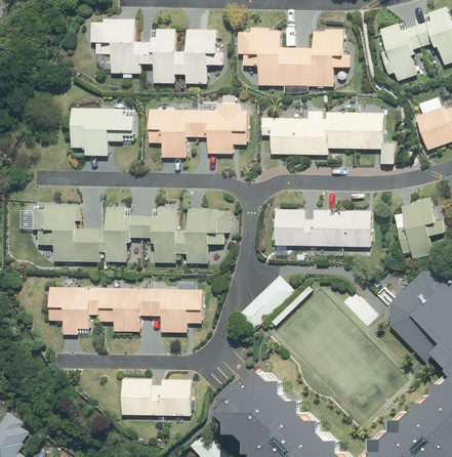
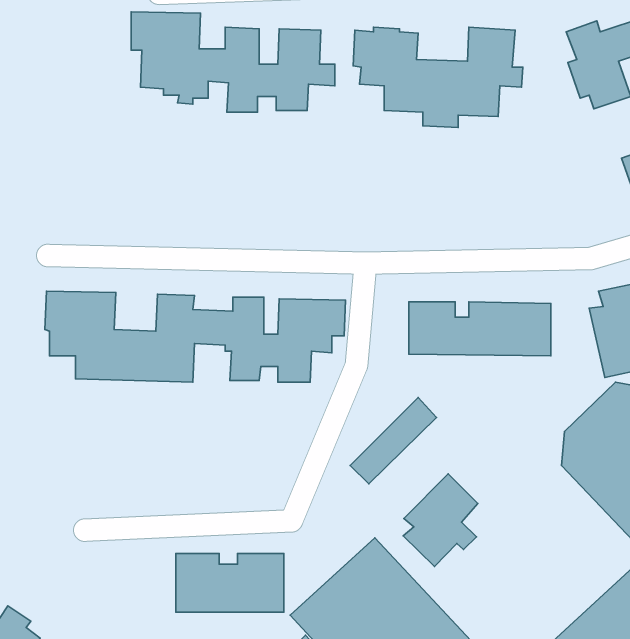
building: [149,102,248,158] -> none
building: [70,107,133,158] -> none
building: [260,111,394,164] -> none
building: [49,287,202,336] -> none
building: none -> [403,474,478,566]

